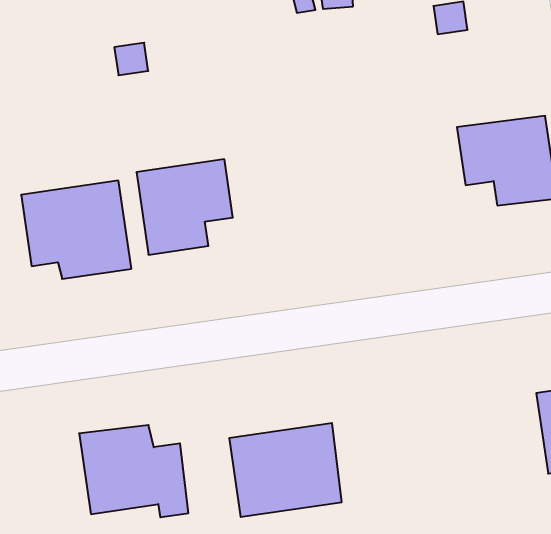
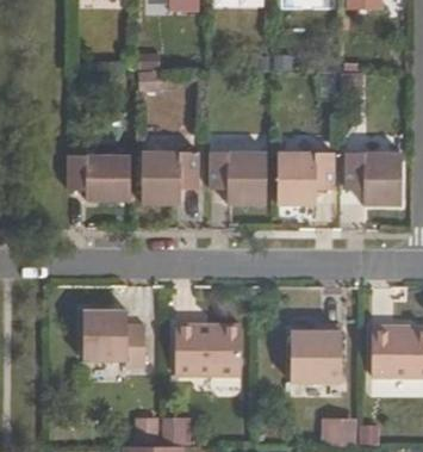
building: none -> [278,153,334,205]
building: none -> [210,151,266,205]
building: none -> [290,326,341,383]

